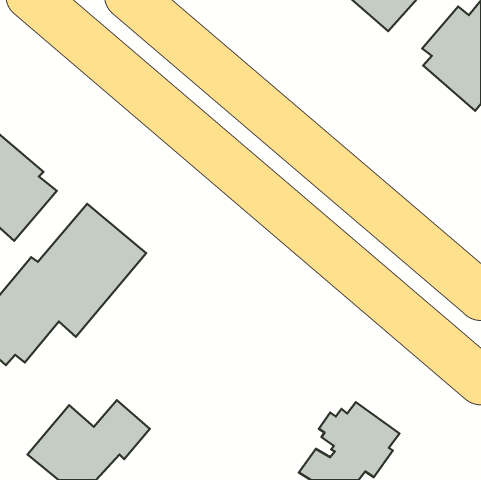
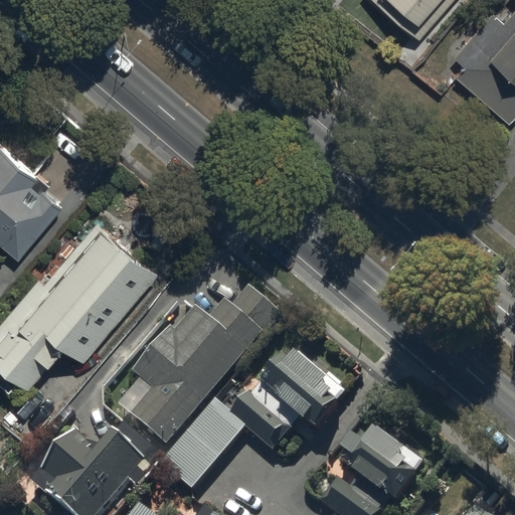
building: none -> [129,287,280,448]
building: none -> [159,351,341,489]

